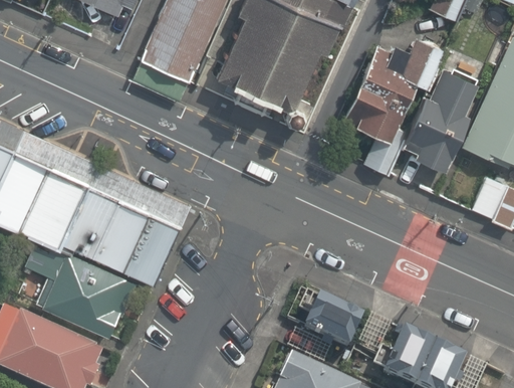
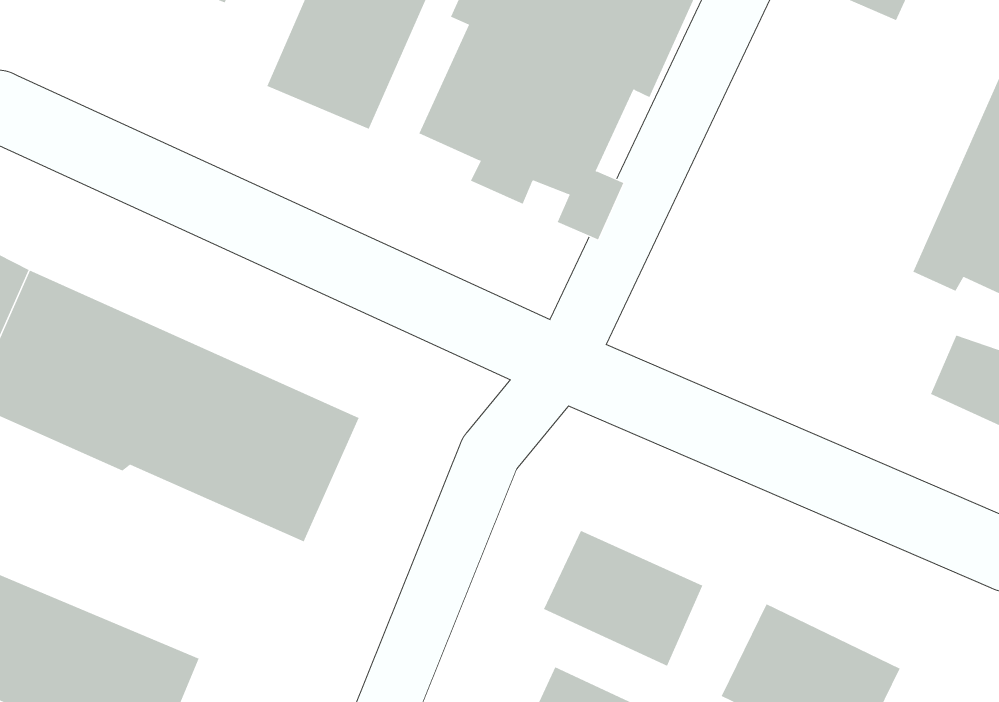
building: [341,33,446,142] -> none
building: [406,71,479,171] -> none
building: [19,244,133,334] -> none

